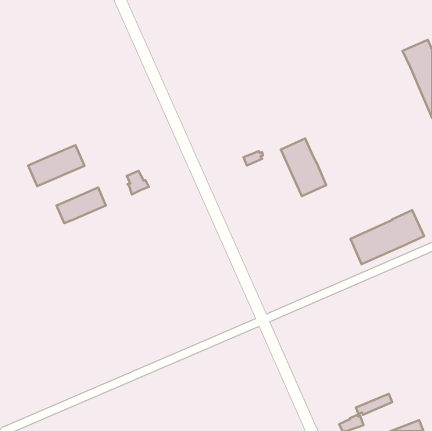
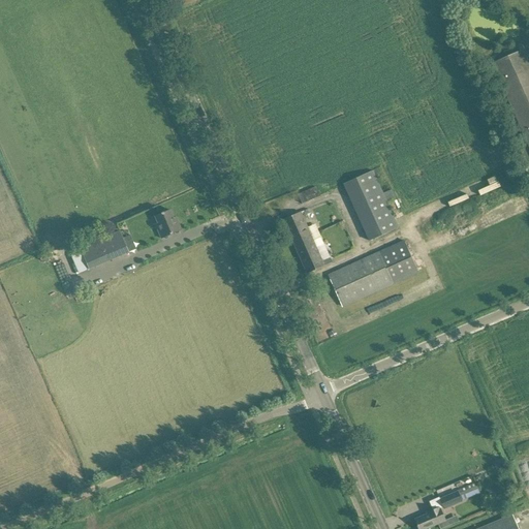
building: [28,145,84,186] -> none
building: none -> [283,211,324,272]
building: [351,210,424,264] -> [329,239,418,305]

